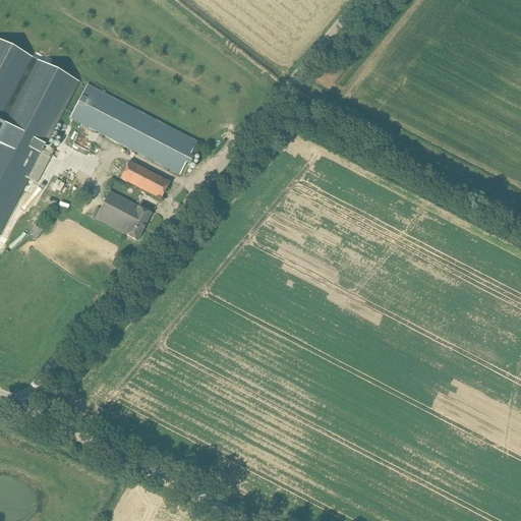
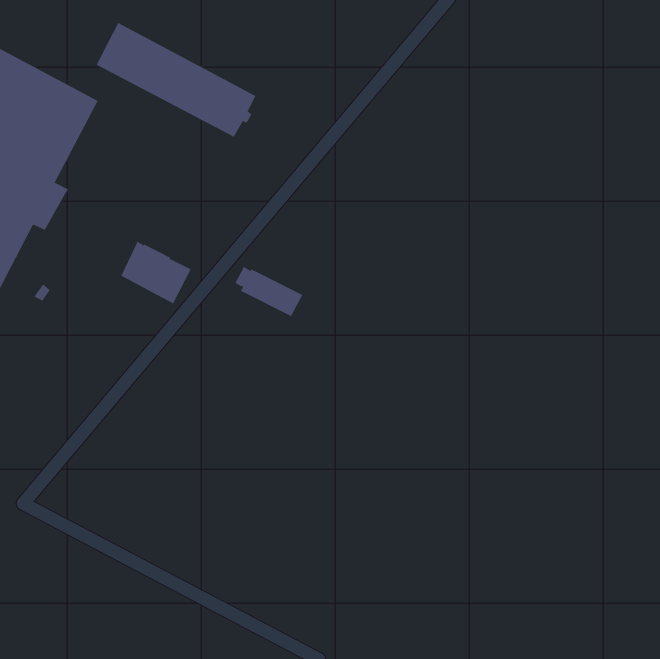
building: [69,82,195,173] -> [96,22,256,137]
building: [115,158,169,197] -> [235,266,303,317]

